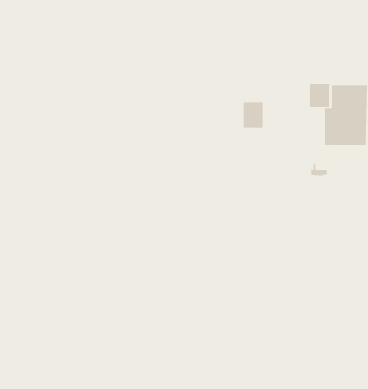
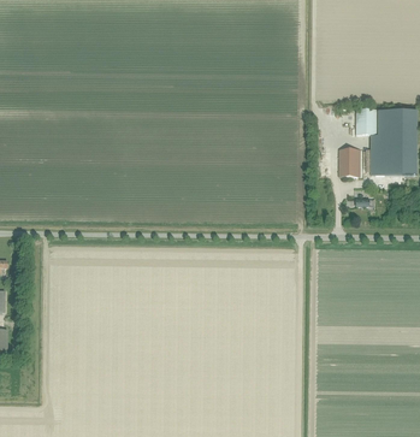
building: [243,102,263,128] -> [338,149,360,177]

